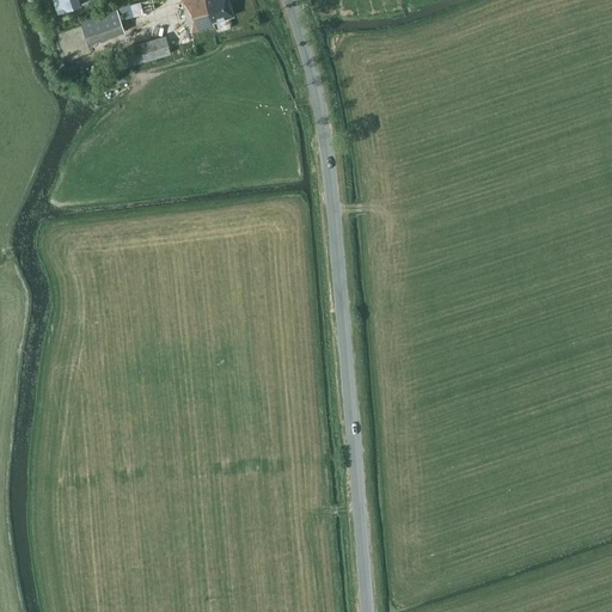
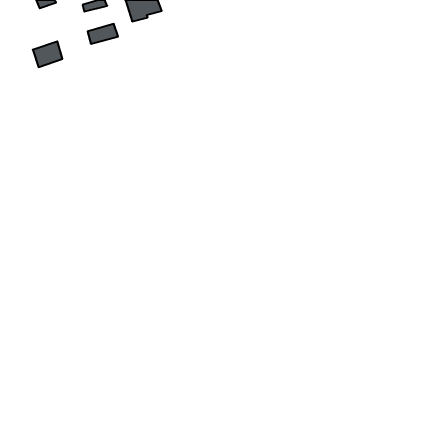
building: [82,7,126,44] -> [33,41,62,67]

